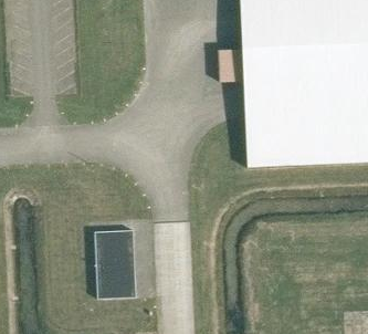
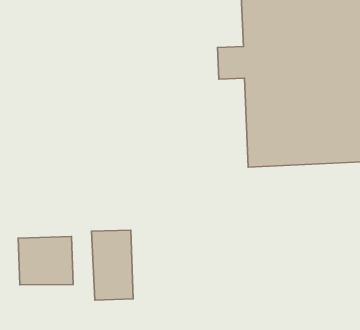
building: none -> [18,236,73,285]

